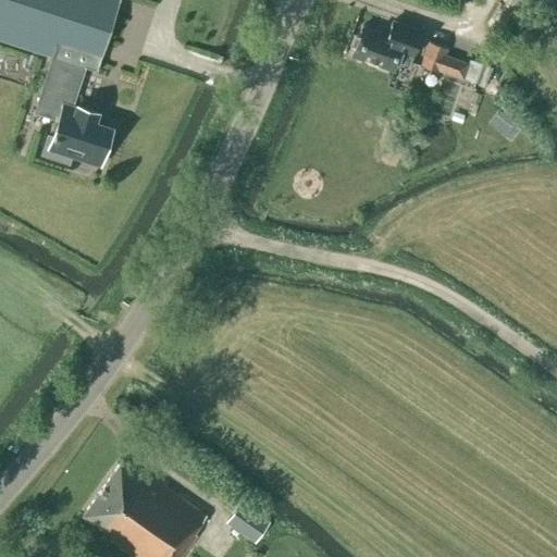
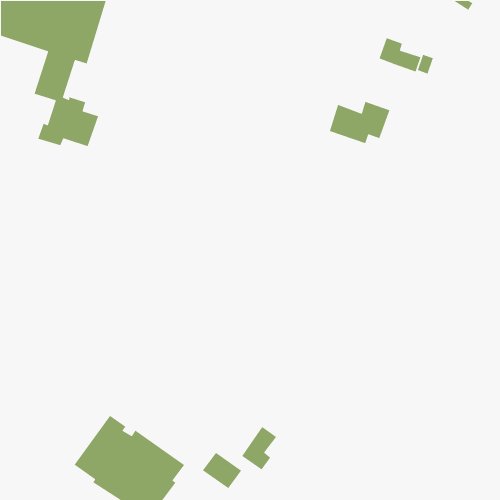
building: [352,24,421,72] -> [329,101,390,144]
building: none -> [241,426,277,470]

